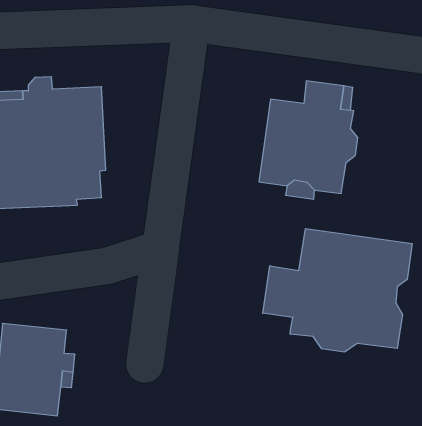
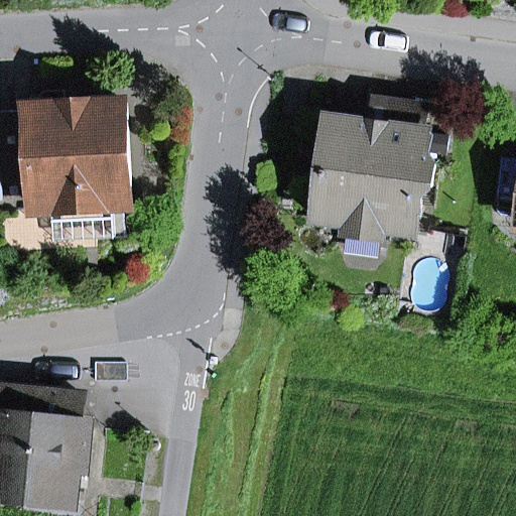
building: [263,229,412,352] -> none

